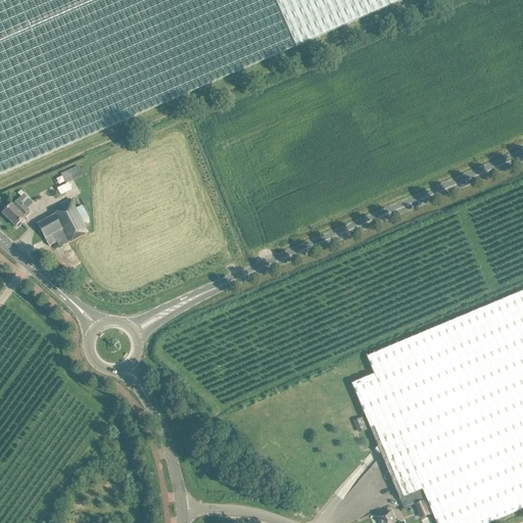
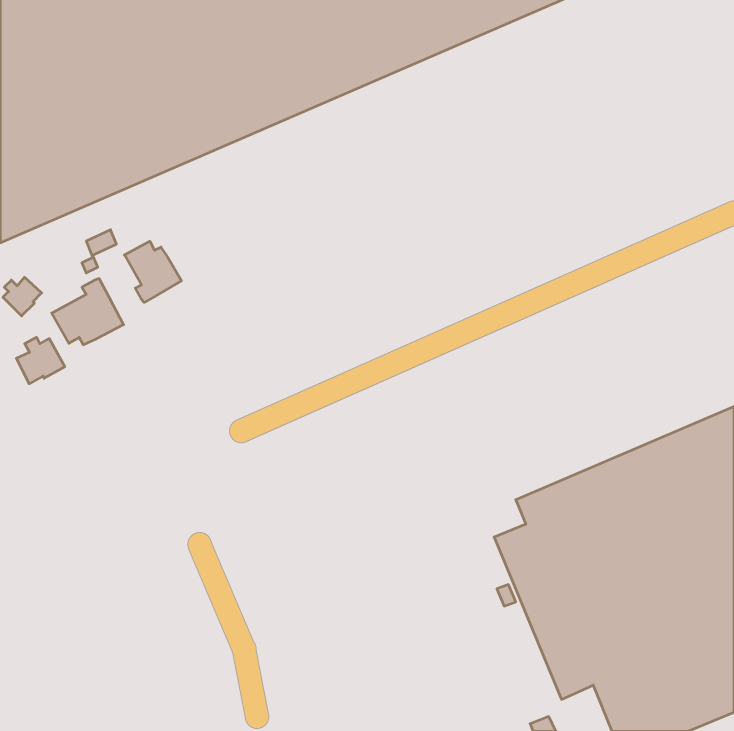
building: none -> [124,241,181,302]
building: none -> [16,337,65,384]

